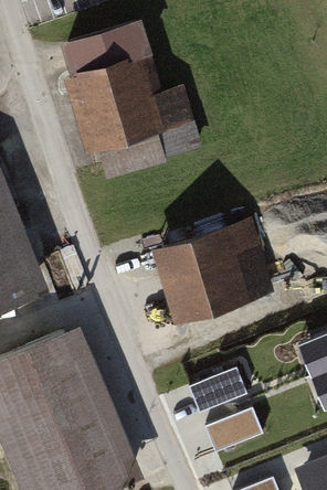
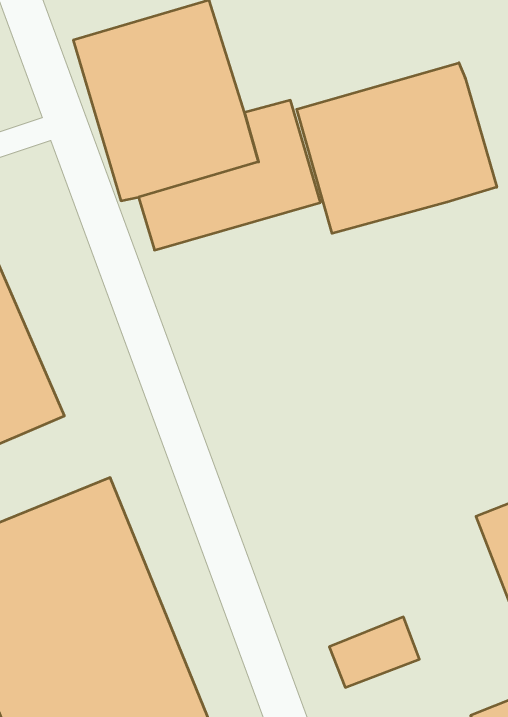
building: none -> [297,63,497,233]
building: [149,219,270,316] -> none
building: [192,371,249,414] -> none

